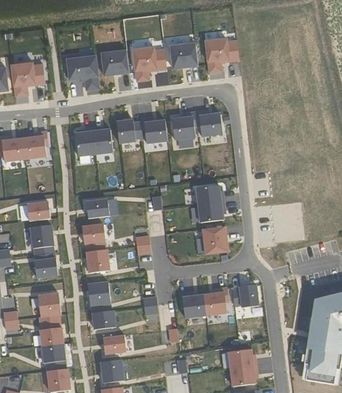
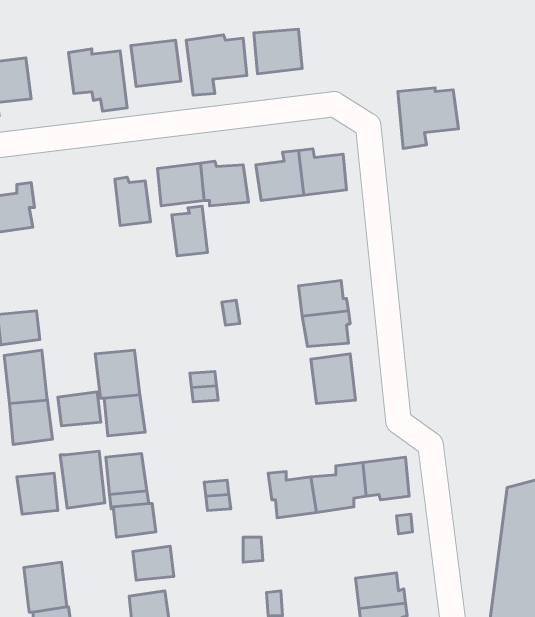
building: [205,39,239,73] -> [398,88,458,148]
building: [75,128,95,156] -> [172,206,207,256]
building: [85,199,109,218] -> [58,392,101,426]
building: [37,314,62,346] -> [60,451,105,508]

